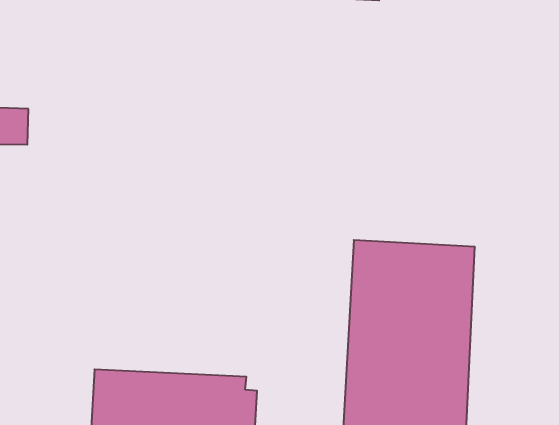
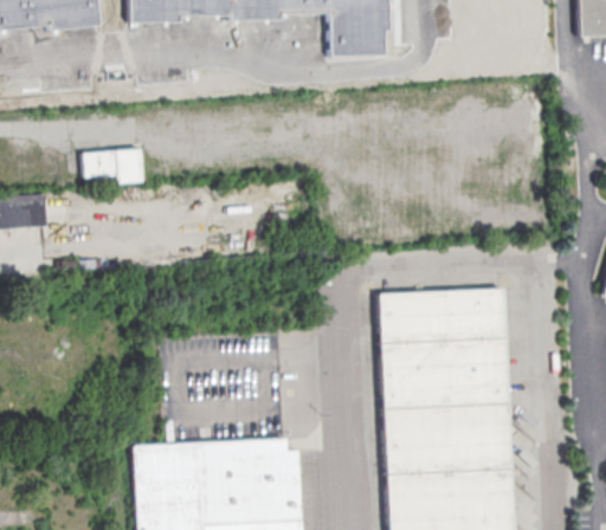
building: none -> [83,148,143,186]

